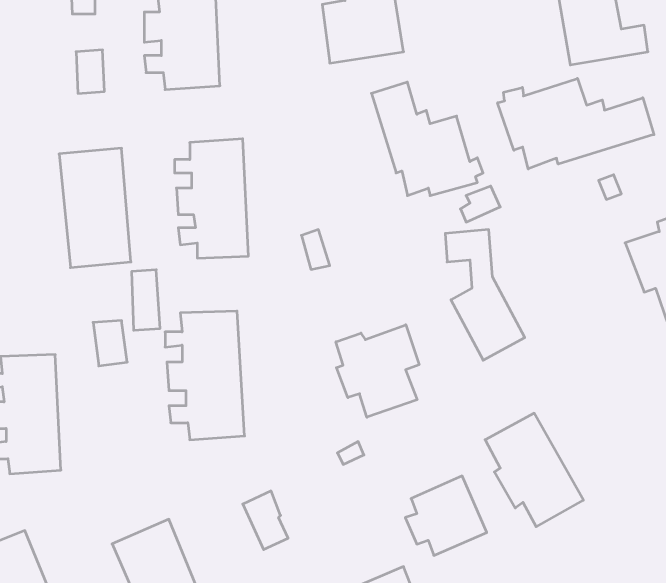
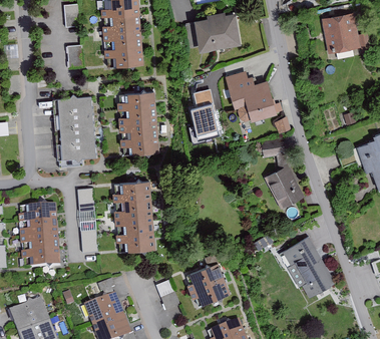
building: [498,78,654,169] -> none
building: none -> [188,89,218,136]
building: [132,270,160,330] -> [79,221,94,253]
building: [336,325,419,417] -> none
building: [405,476,487,555] -> [186,264,230,306]

